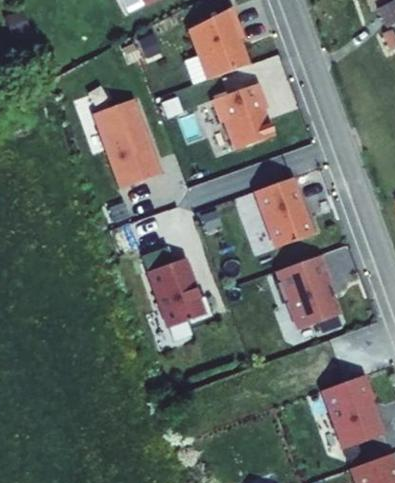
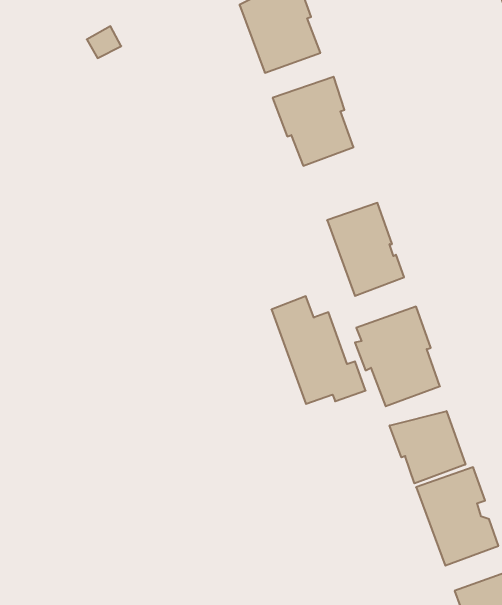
building: [92,98,160,188] -> none
building: [141,246,212,327] -> [271,296,366,404]
building: none -> [390,411,465,483]

